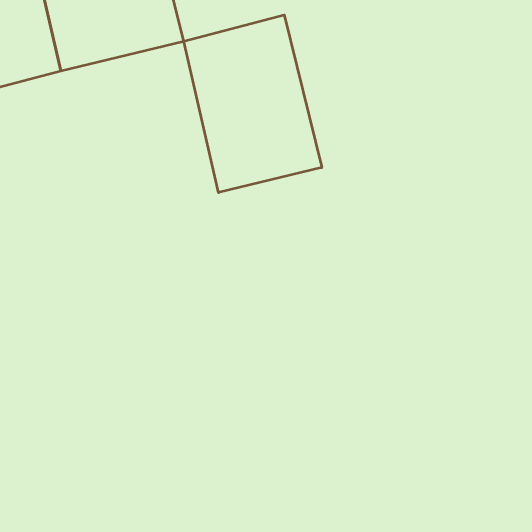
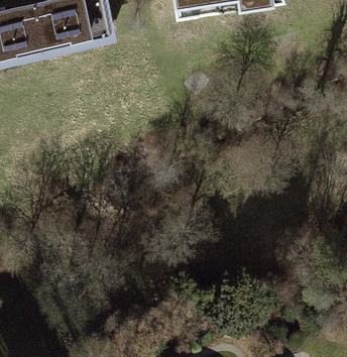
building: [184,15,322,193] -> none

